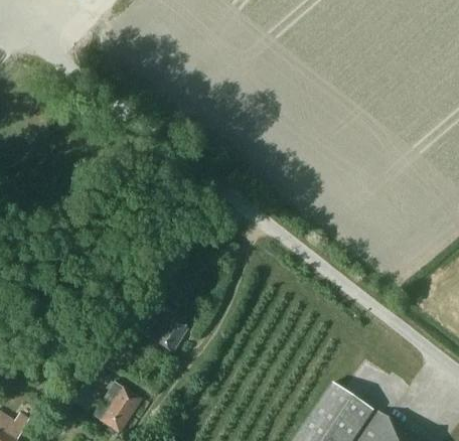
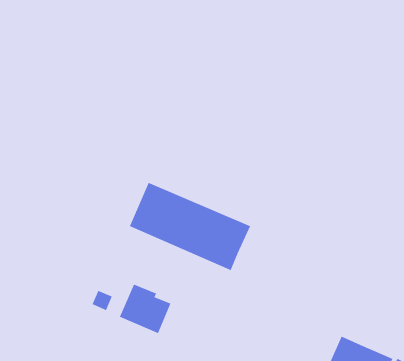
building: none -> [129,182,251,271]

